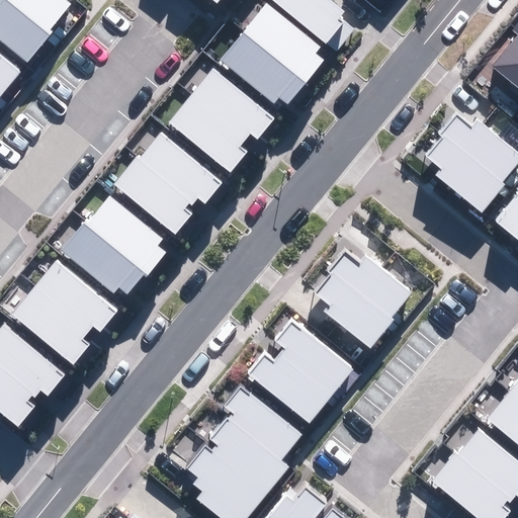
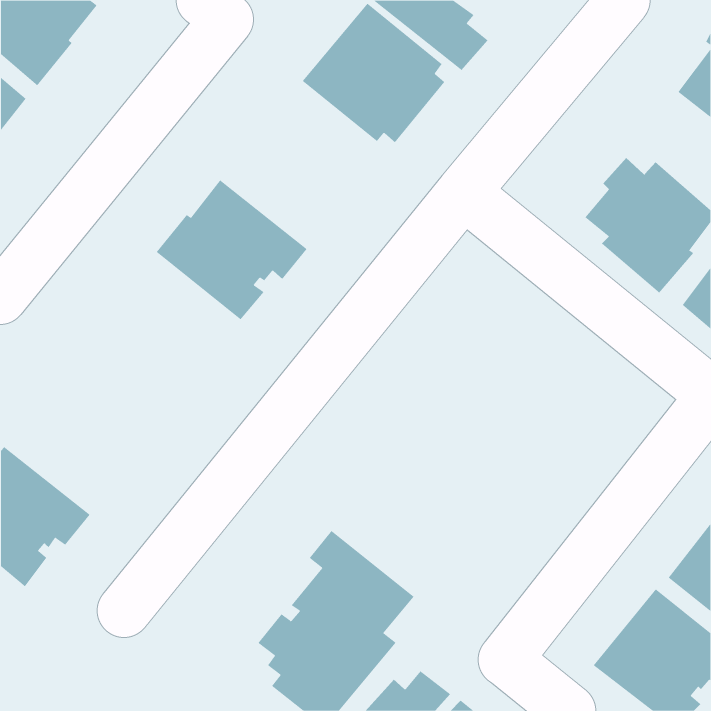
building: [170,68,275,172] -> none
building: [63,194,167,294] -> none
building: [315,249,411,349] -> none
building: [12,261,118,364] -> none
building: [248,319,354,423] -> none

